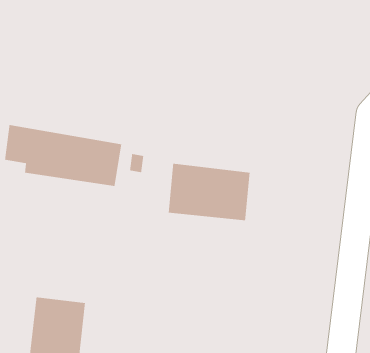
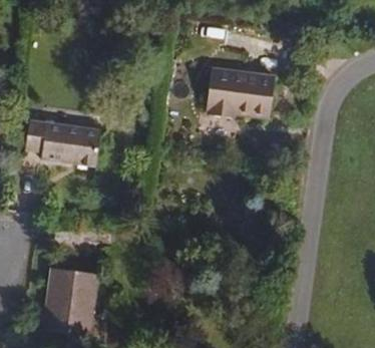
building: [168,163,251,221] -> [202,69,273,119]

